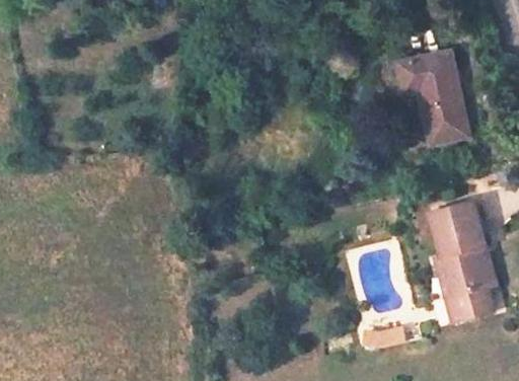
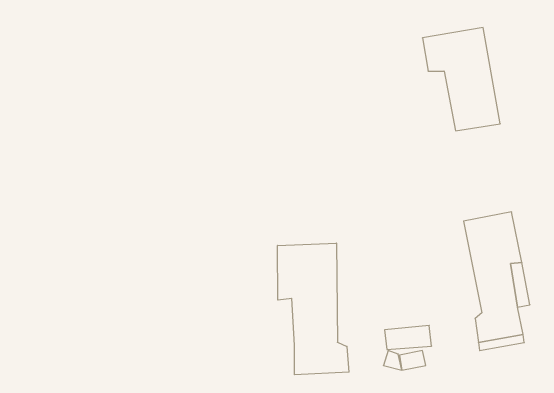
building: none -> [278,243,349,375]

